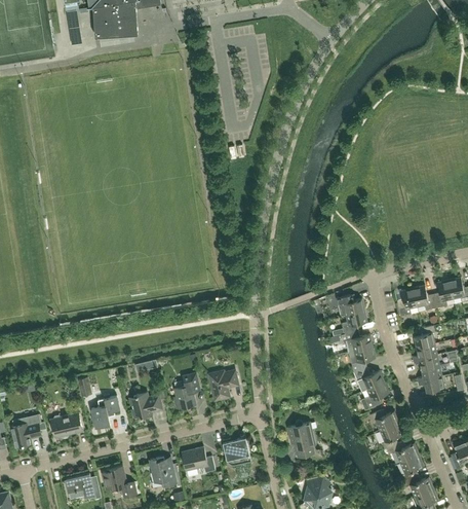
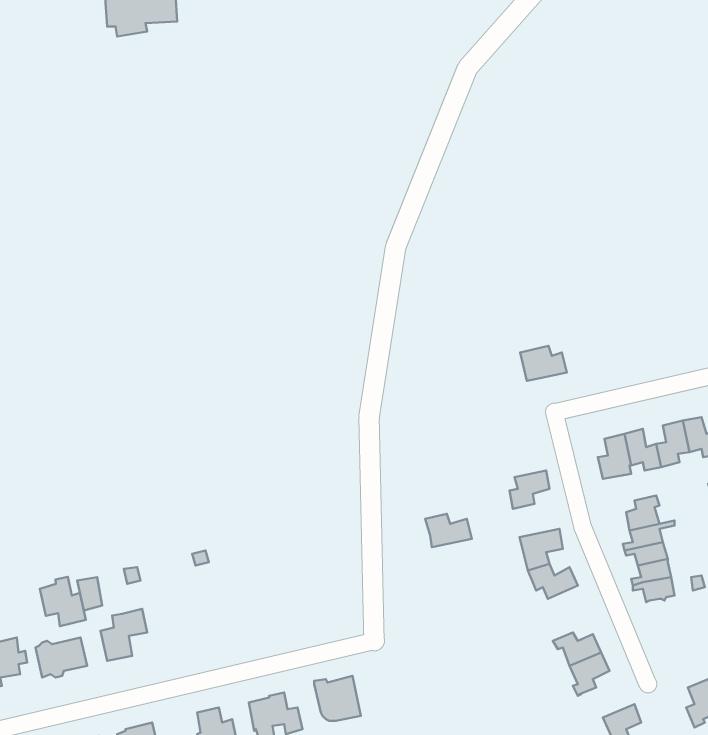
building: [336,294,364,316] -> [520,346,567,381]
building: [344,331,373,352] -> [425,514,472,547]
building: [208,370,238,400] -> none
building: [173,373,198,409] -> none
building: none -> [40,577,86,626]
building: [359,381,388,410] -> none
building: [129,392,161,417] -> none
building: [286,421,314,458] -> none
building: [385,441,419,463] -> none

